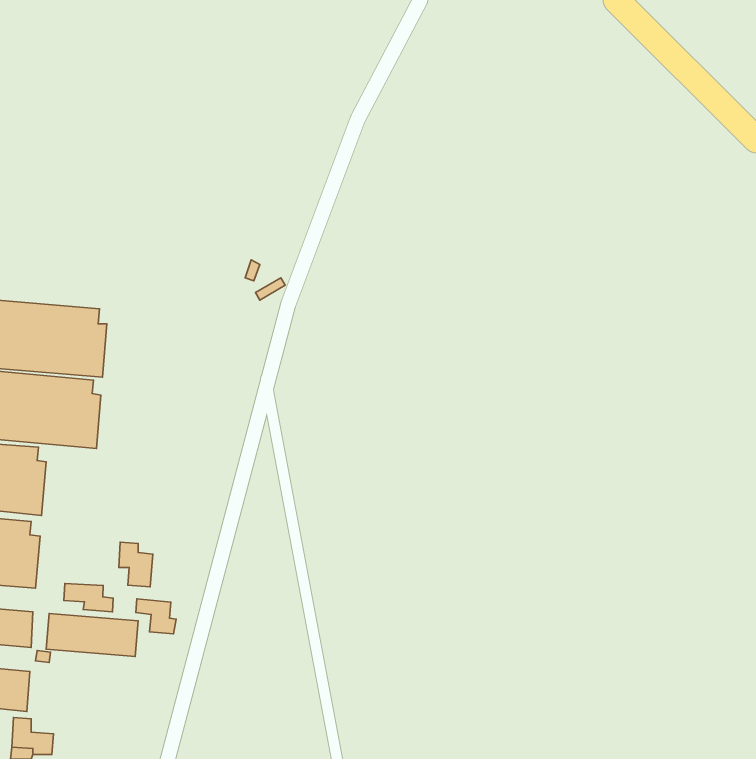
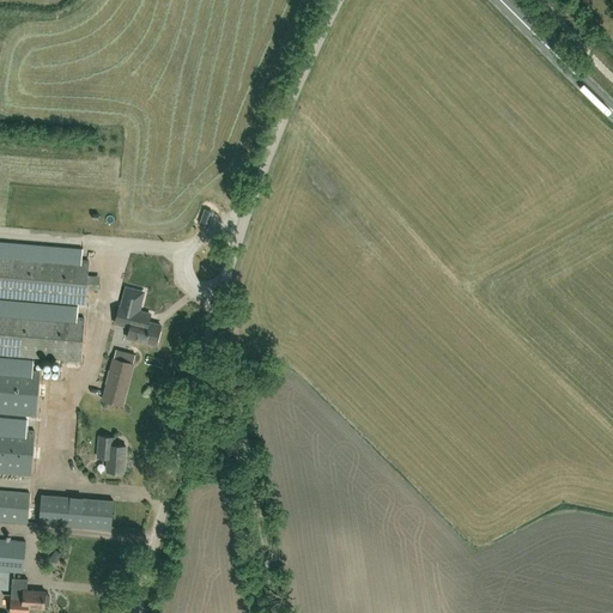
building: none -> [114,293,158,345]
building: none -> [102,359,133,406]
building: [64,583,113,612] -> none
building: [136,599,176,634] -> none

